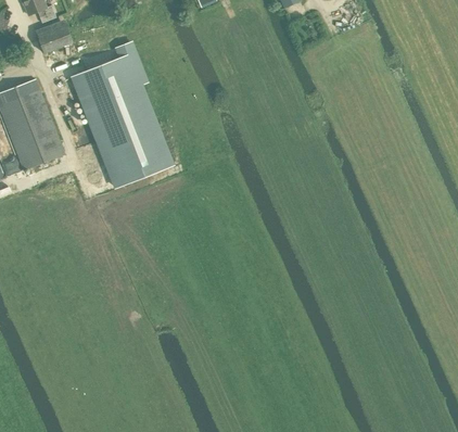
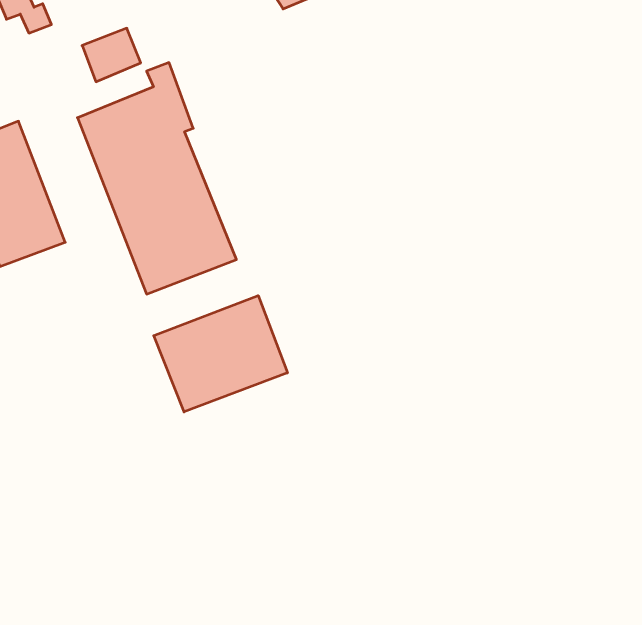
building: [36,20,73,53] -> [82,28,141,82]
building: none -> [154,296,287,412]

